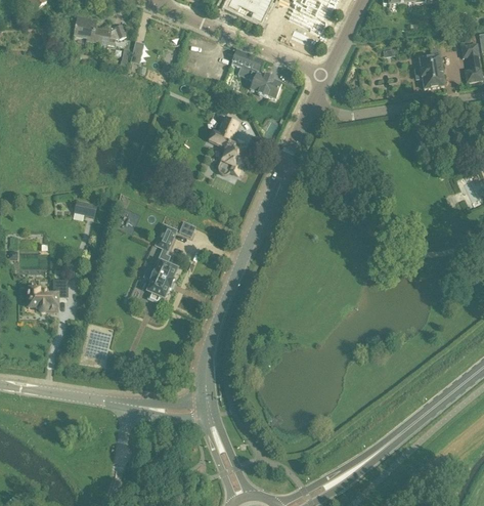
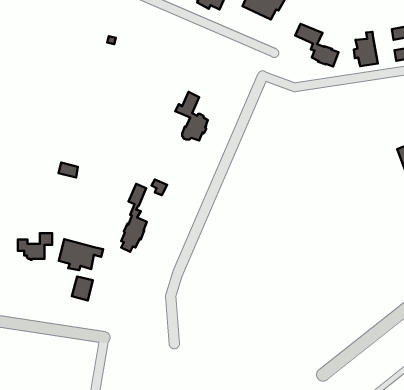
building: [73,15,125,43] -> none
building: [230,48,280,97] -> [295,24,338,66]
building: none -> [59,239,103,270]

